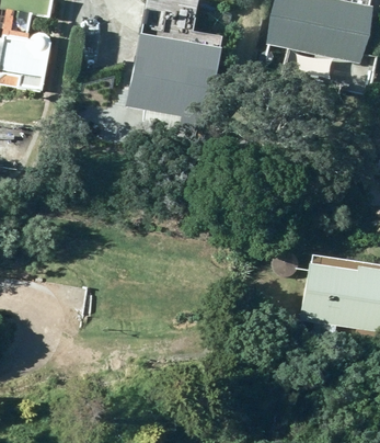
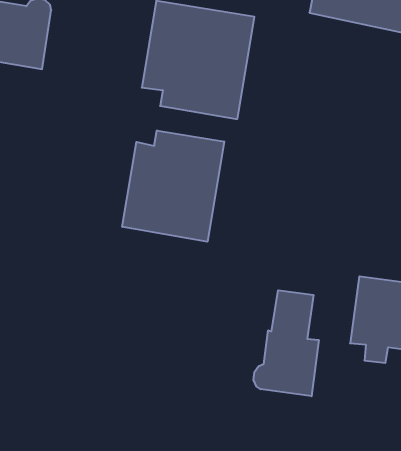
building: none -> [122,130,224,242]
building: none -> [253,290,319,396]

